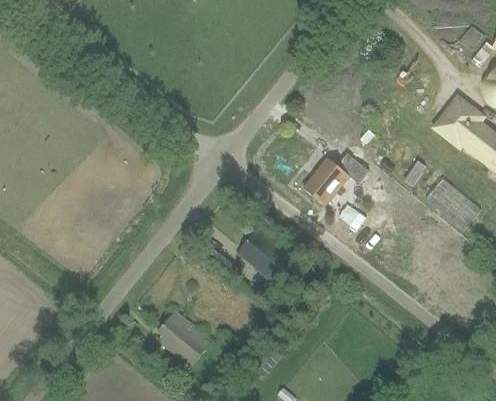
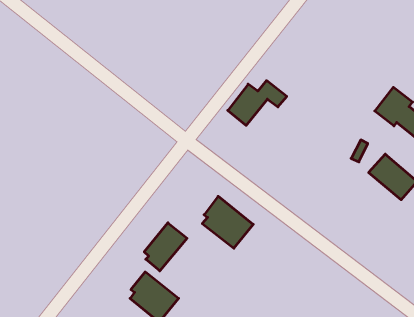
building: [301,153,368,204] -> [228,81,287,125]
building: none -> [144,223,187,271]

